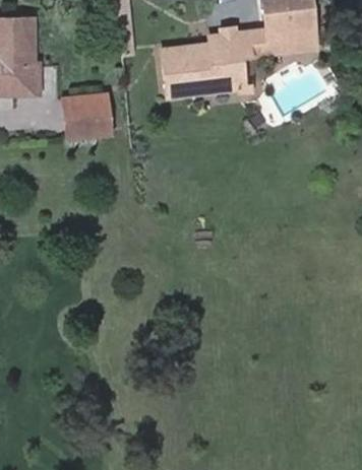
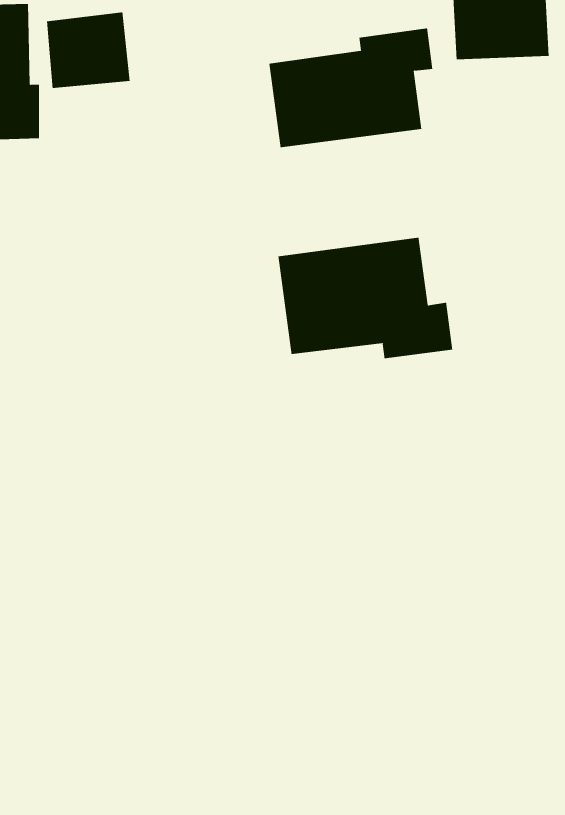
building: [65,93,111,135] -> [46,12,130,89]
building: none -> [278,237,453,359]

